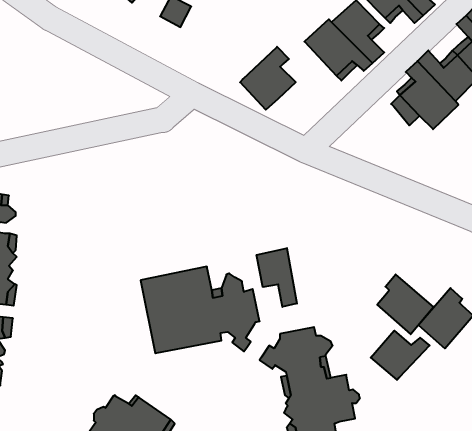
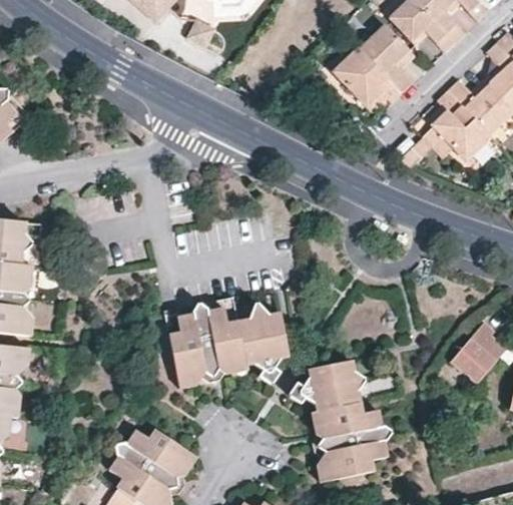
building: [240,47,296,110] -> none
building: [257,248,297,307] -> none
building: [377,274,434,334] -> none
building: [371,331,430,380] -> none

